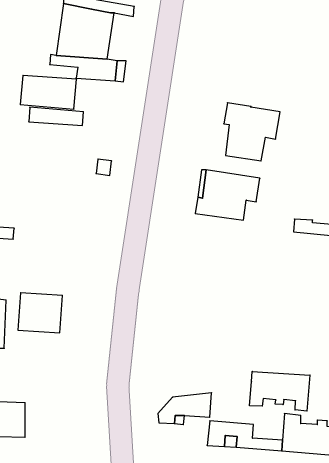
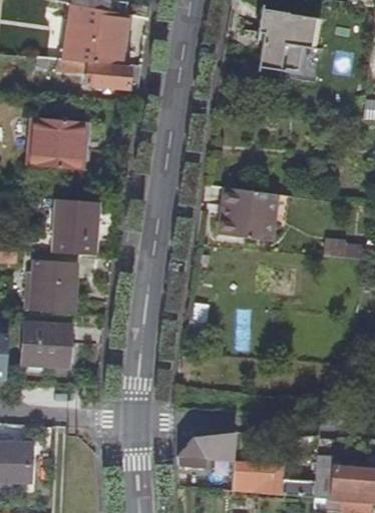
building: [20,75,77,109] -> [30,134,92,171]
building: [224,103,280,161] -> [257,8,319,72]
building: none -> [53,199,98,255]
building: none -> [25,261,77,314]
building: [250,371,310,411] -> none

